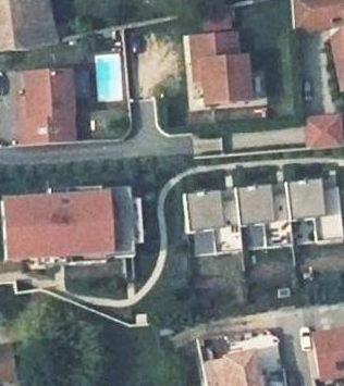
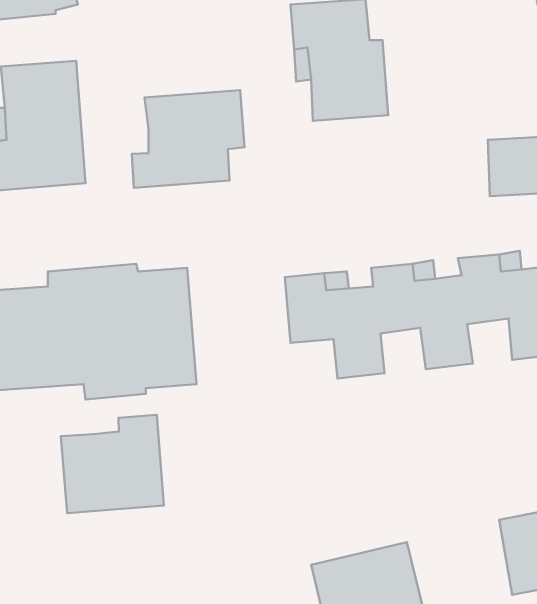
building: none -> [132,90,244,188]
building: none -> [61,415,164,513]

